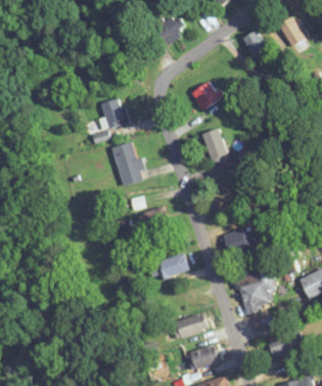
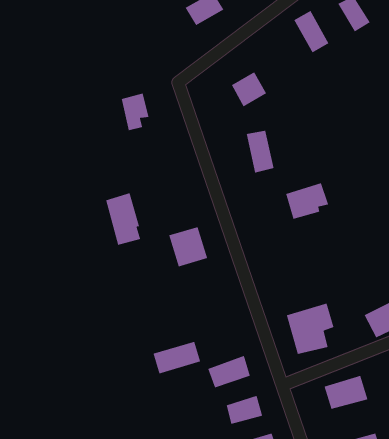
building: [112,140,142,184] -> [105,192,141,246]
building: [220,227,256,258] -> [285,182,329,220]
building: [149,254,189,282] -> [152,341,201,374]

